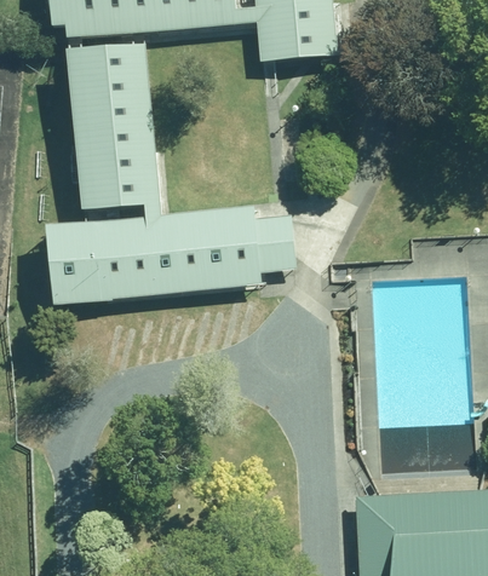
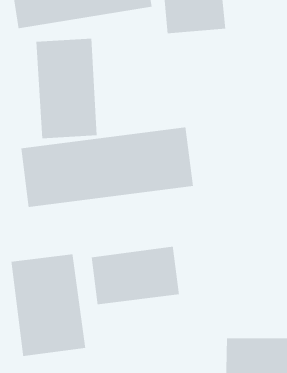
building: none -> [91,246,180,305]
building: none -> [11,253,86,357]

